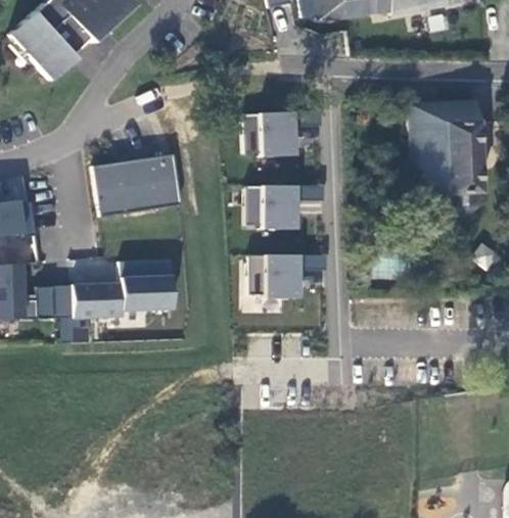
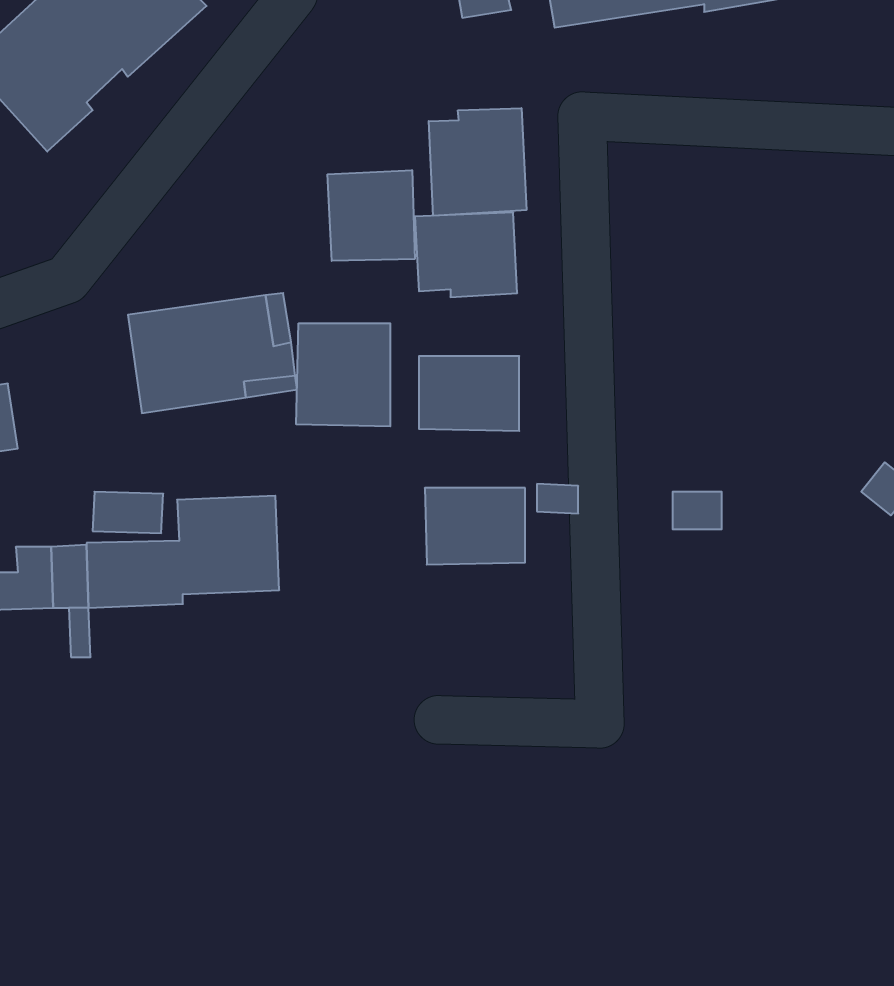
building: none -> [429,108,526,216]
building: none -> [328,170,415,261]
building: [407,100,478,203] -> none
building: none -> [296,323,390,426]

